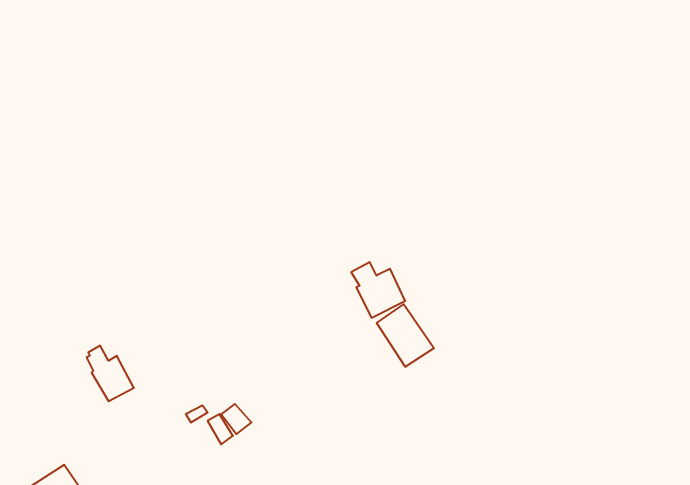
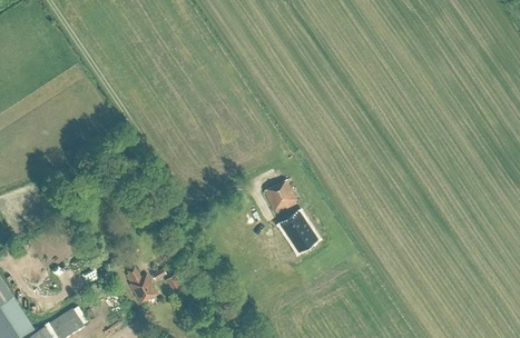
building: [87,346,134,401] -> [126,268,157,305]

